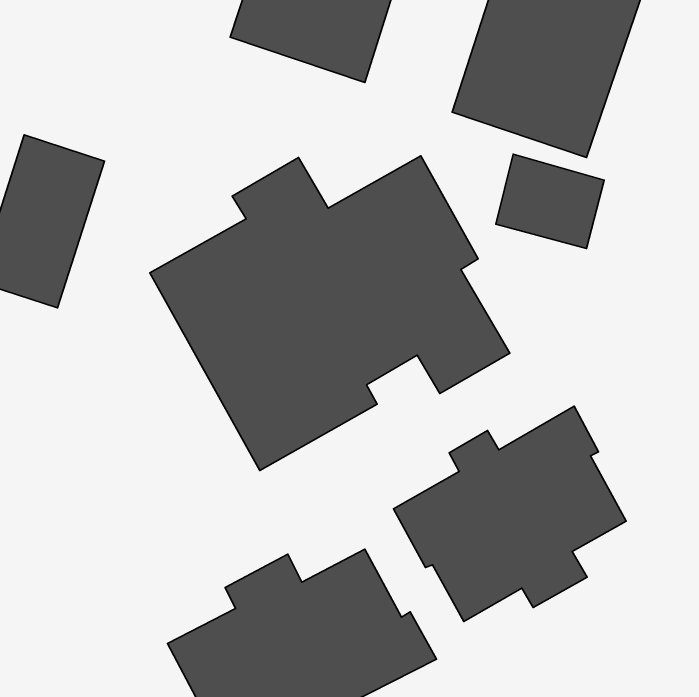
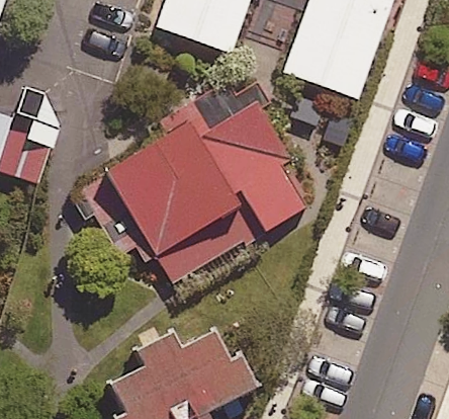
building: [394,406,626,621] -> none

